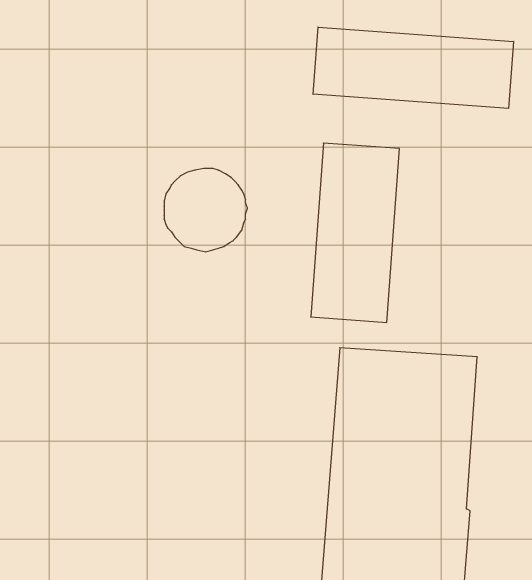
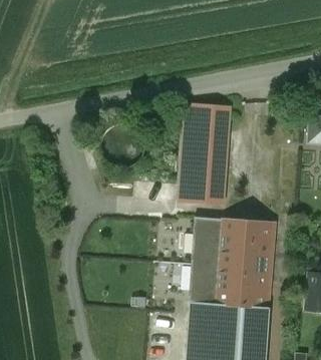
building: [313,27,513,108] -> none

